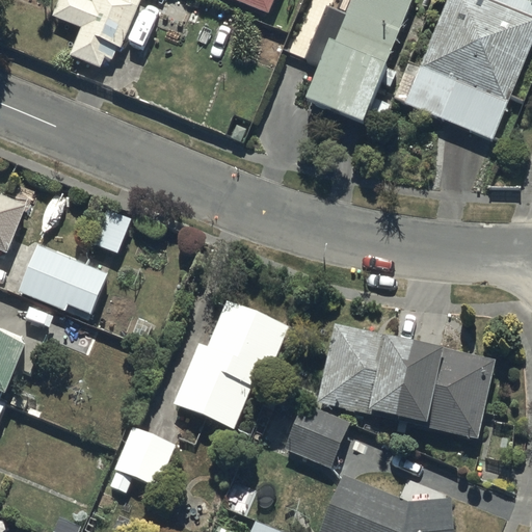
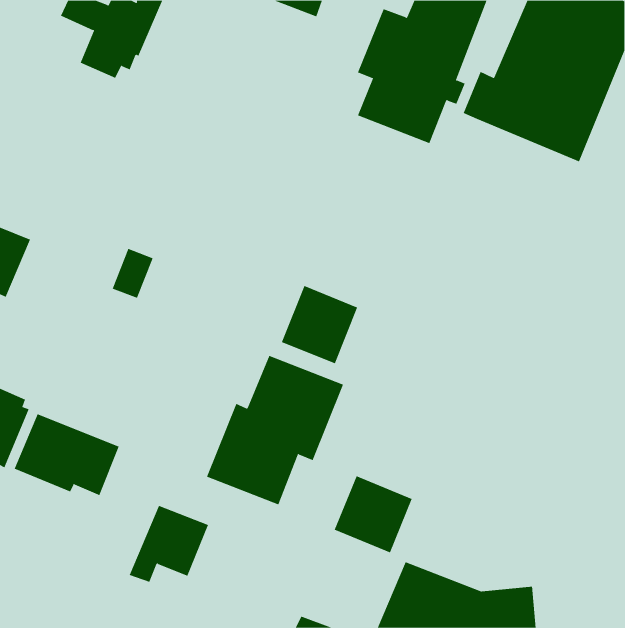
building: none -> [281,285,358,364]
building: [17,244,106,314] -> [14,413,120,496]
building: [319,321,497,436] -> none

